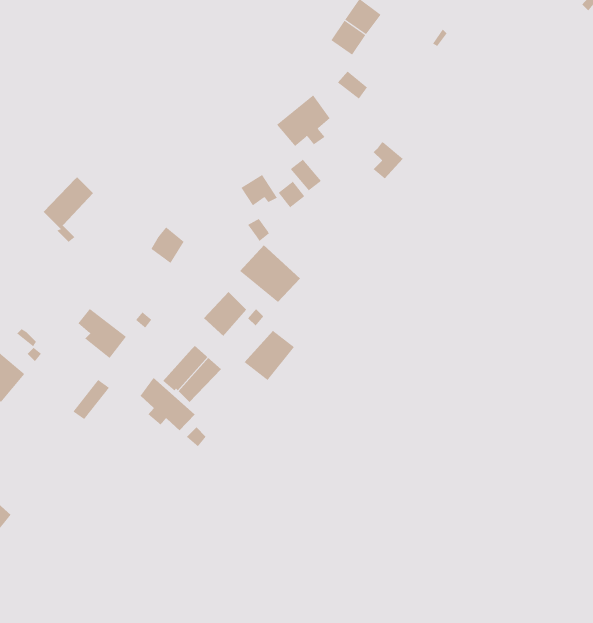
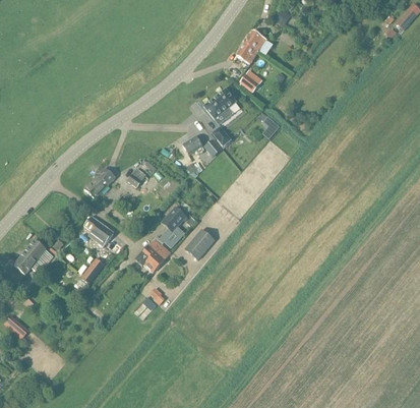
building: [43,176,94,242] -> [84,167,115,207]
building: [239,245,301,303] -> none
building: [140,377,195,431] -> none

